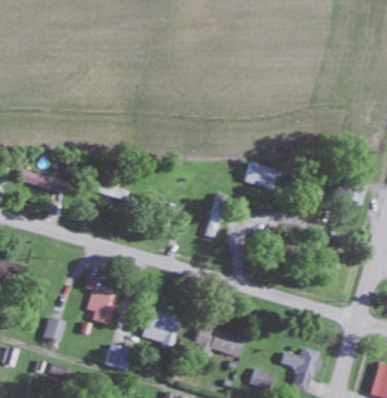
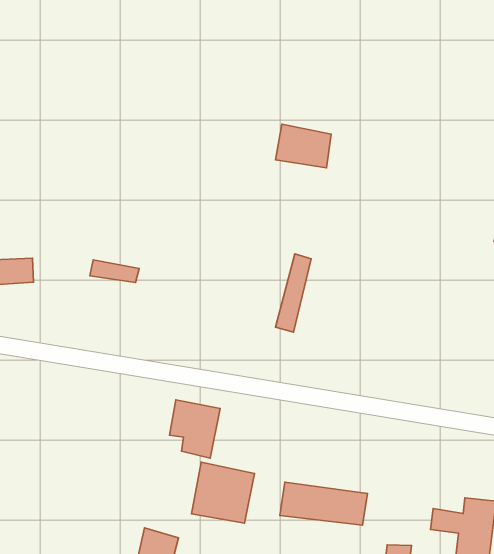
building: [243,161,278,189] -> [275,124,331,168]
building: [87,288,118,325] -> [169,400,220,458]
building: [42,317,66,342] -> none

